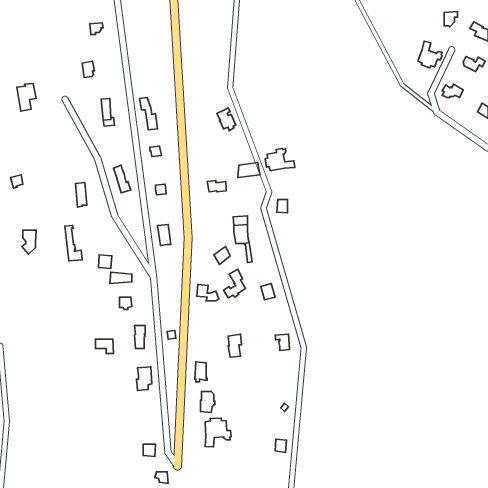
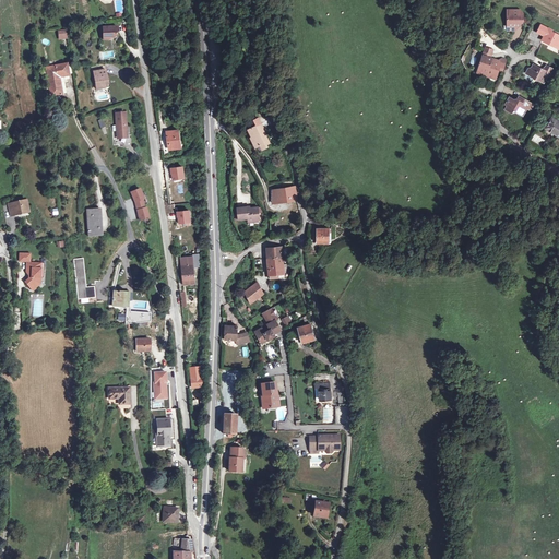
building: [17,83,36,111] -> [48,63,70,95]
building: [265,148,295,171] -> none
building: none -> [310,435,340,453]
building: [205,418,231,447] -> none

